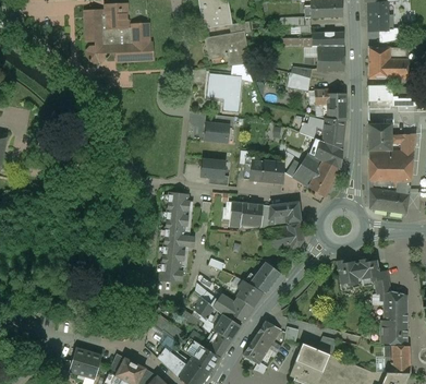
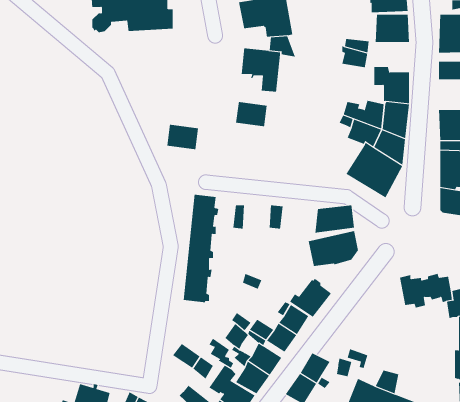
building: [200,155,227,176] -> [167,124,199,150]
building: [244,159,284,182] -> none
building: [241,203,264,226] -> none

